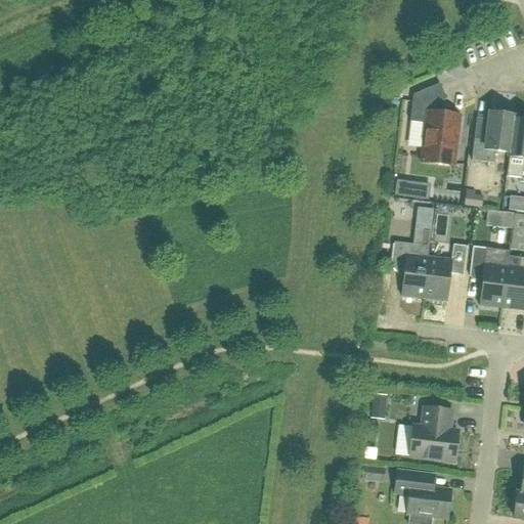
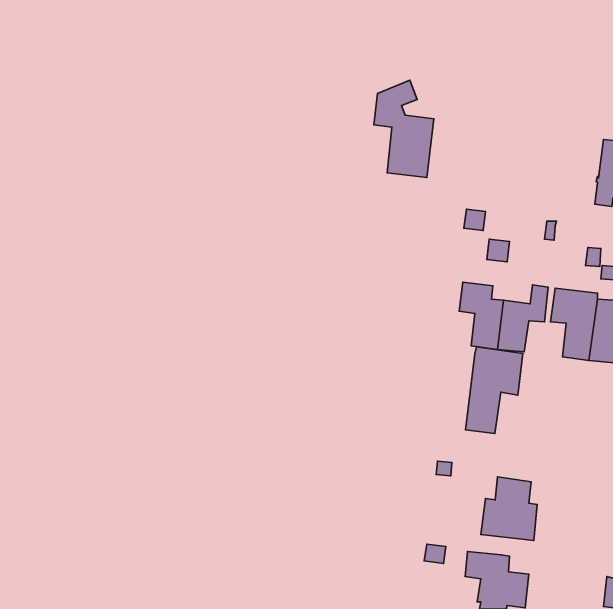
building: [410,82,462,165] -> [374,80,434,178]
building: [472,112,516,162] -> none
building: none -> [466,347,523,433]

